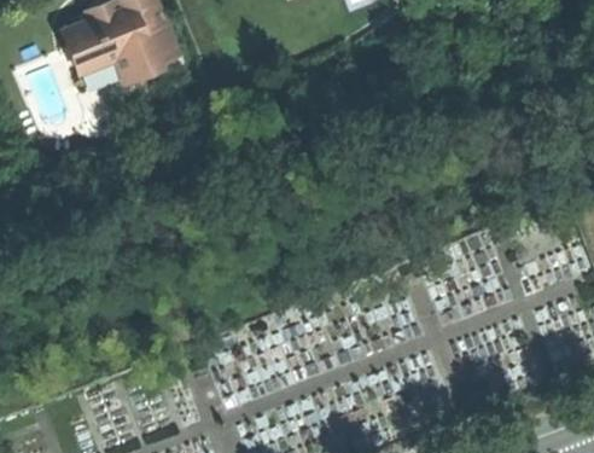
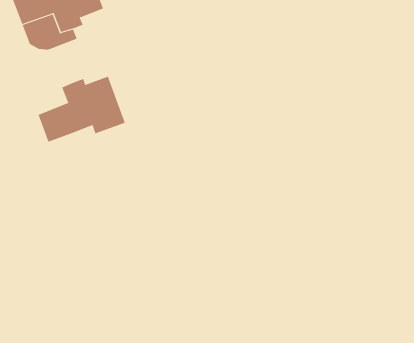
building: none -> [38,76,126,142]

